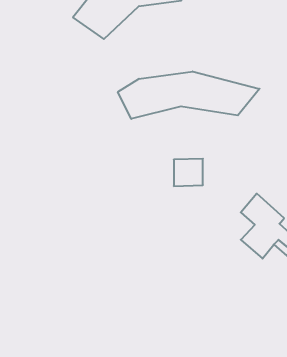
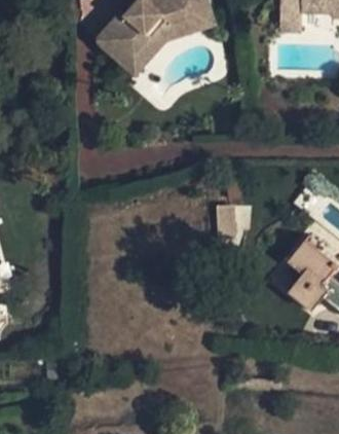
building: [118,71,260,119] -> none

